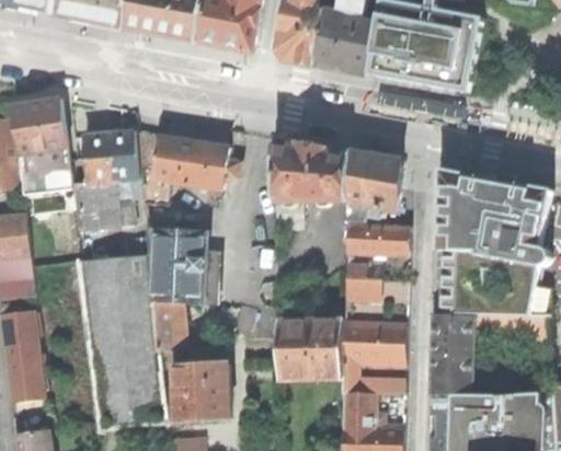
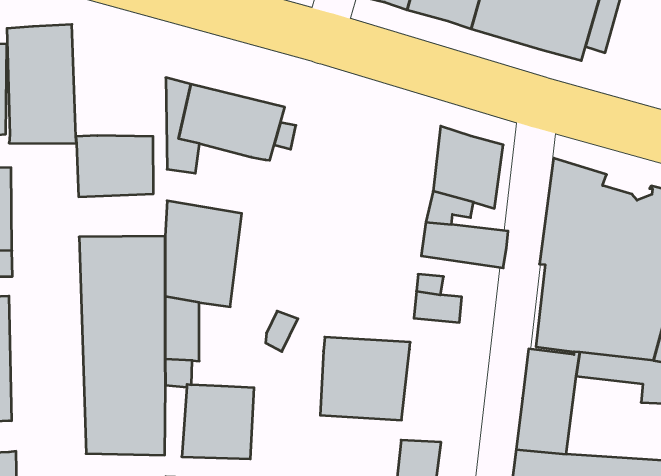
building: [84,130,139,182] -> none
building: [275,137,348,201] -> none
building: [342,323,405,394] -> none

